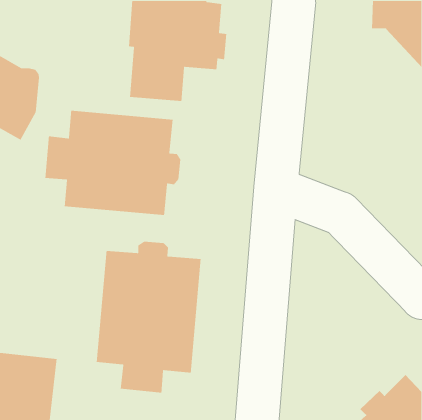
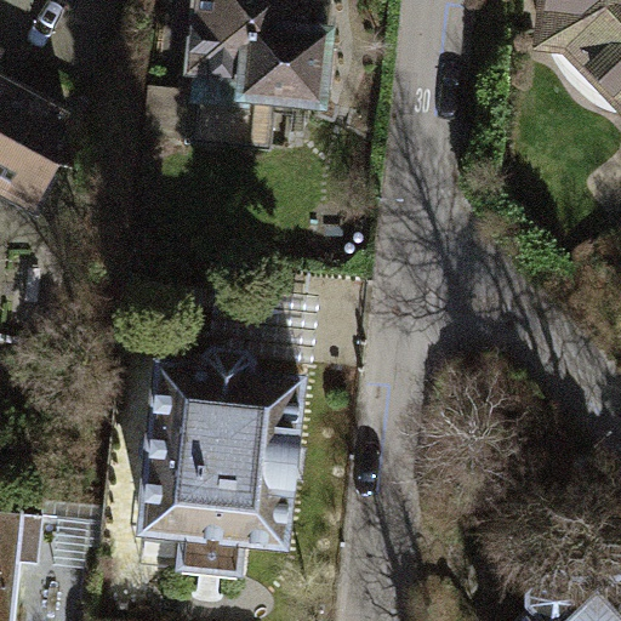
building: [45,110,181,216] -> none

